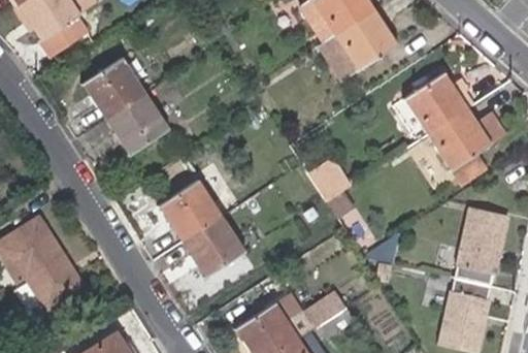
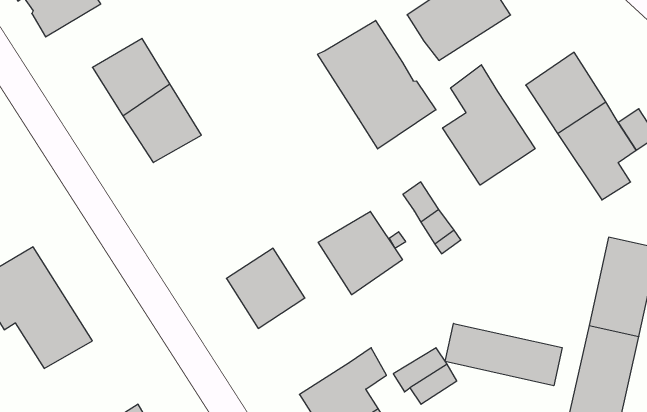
building: none -> [318,20,436,149]
building: none -> [443,65,535,185]
building: [160,182,219,240] -> none
building: none -> [318,211,402,295]
building: none -> [445,323,562,386]

